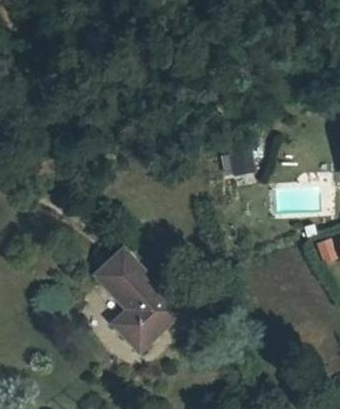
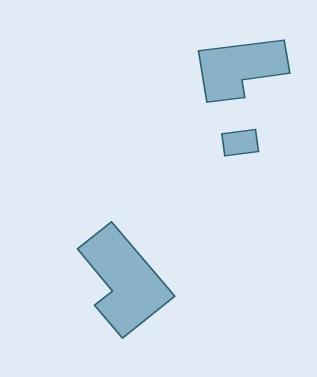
building: none -> [199,40,290,102]

